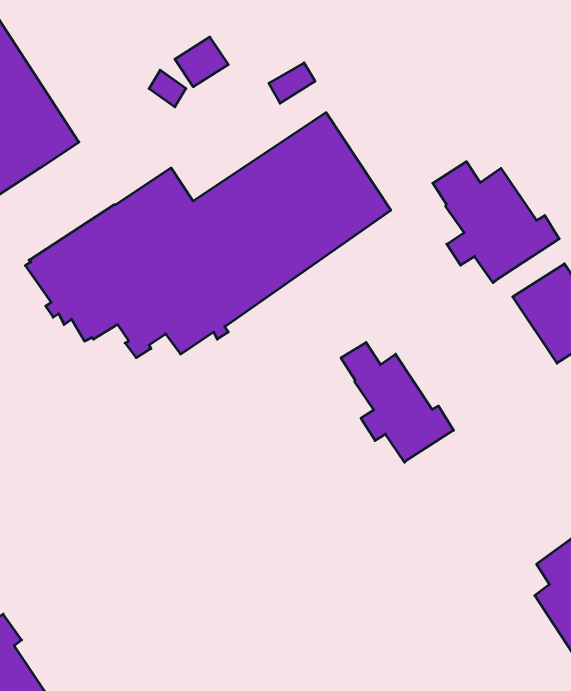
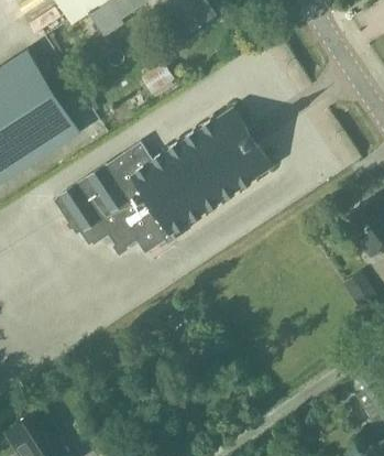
building: [433,162,559,283] -> none
building: [341,342,454,462] -> none

